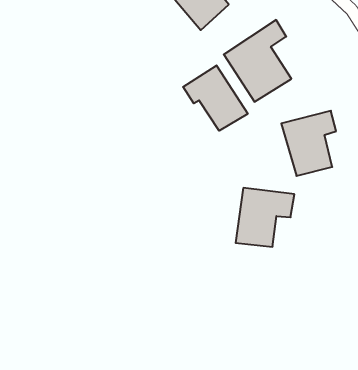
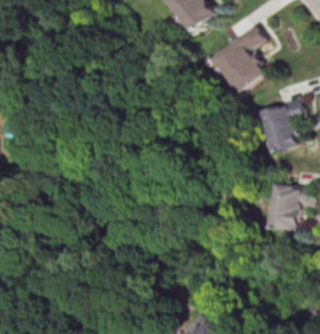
building: [183,65,248,131] -> none
building: [236,188,294,247] -> [265,183,313,231]

